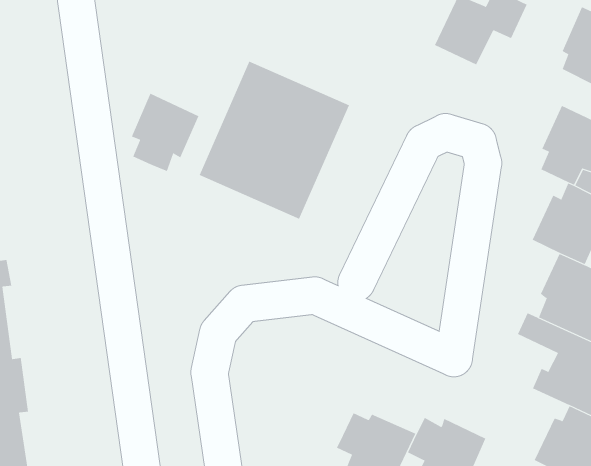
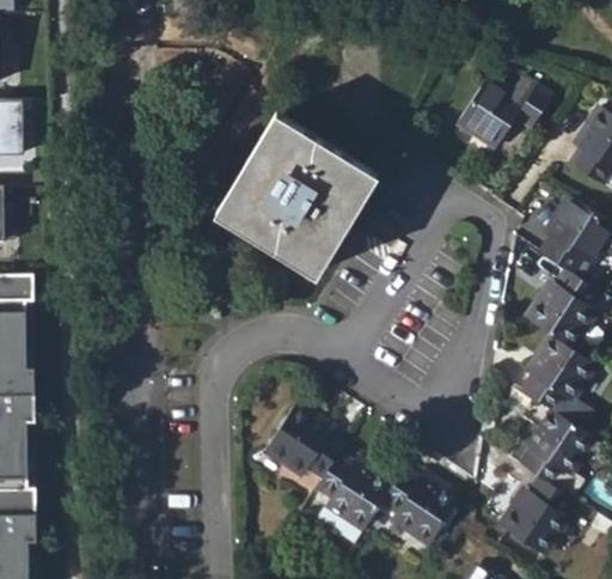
building: [131,93,199,172] -> none
building: none -> [264,408,342,480]

